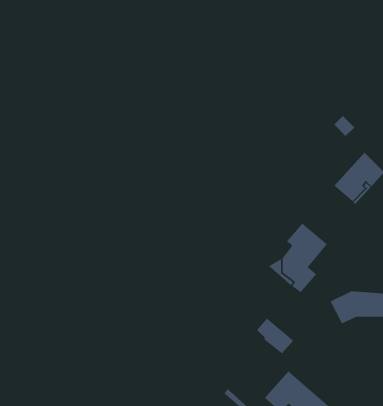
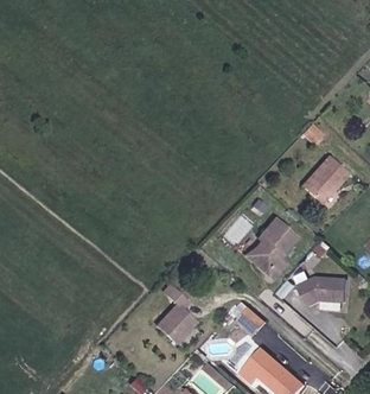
building: none -> [154,285,193,343]

